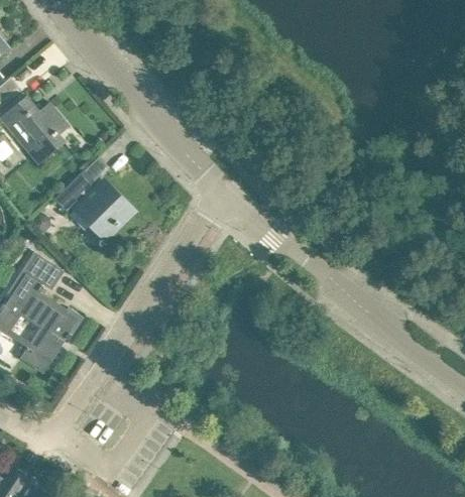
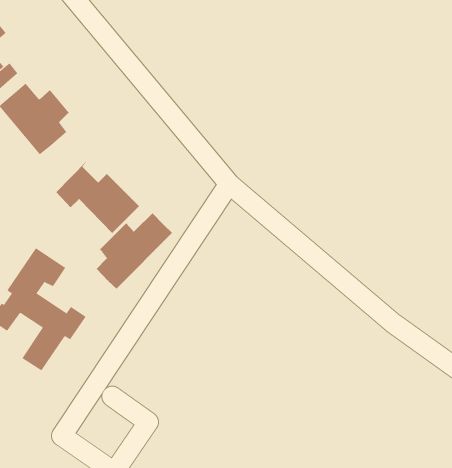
building: none -> [96,213,173,289]

